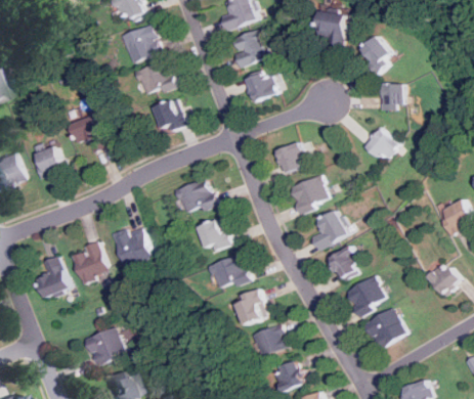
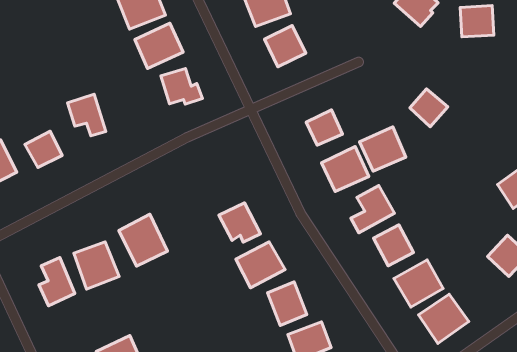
building: [380,84,407,109] -> [460,6,494,37]
building: none -> [360,127,406,171]
building: [174,177,217,216] -> none

